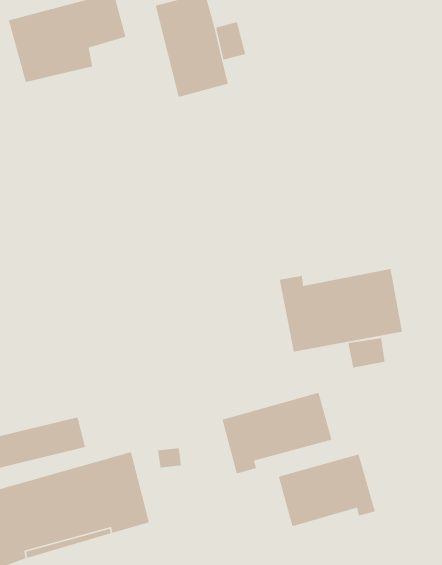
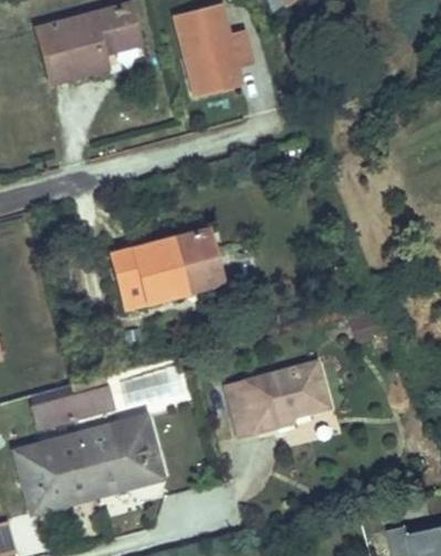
building: none -> [120,224,225,303]
building: [279,268,403,352] -> none
building: [278,454,376,527] -> none

